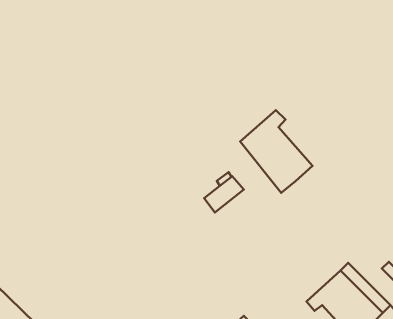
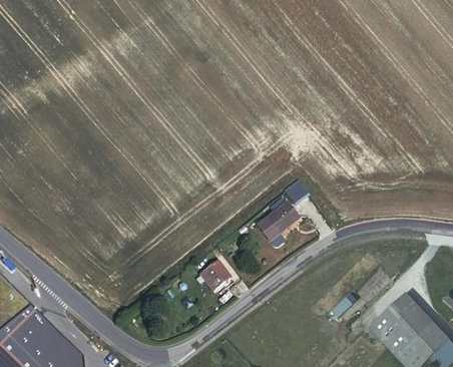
building: [240,110,312,193] -> none
building: none -> [199,262,229,291]

